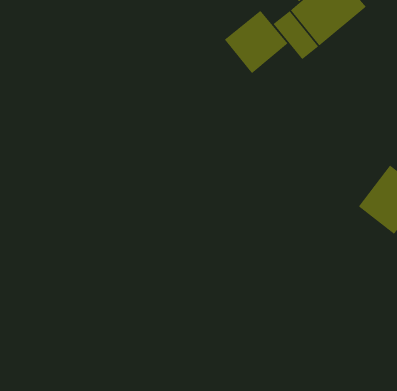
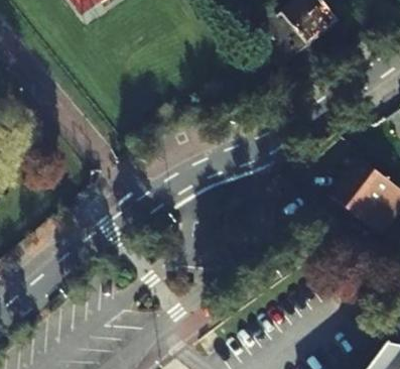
building: [224,10,289,74] -> none

